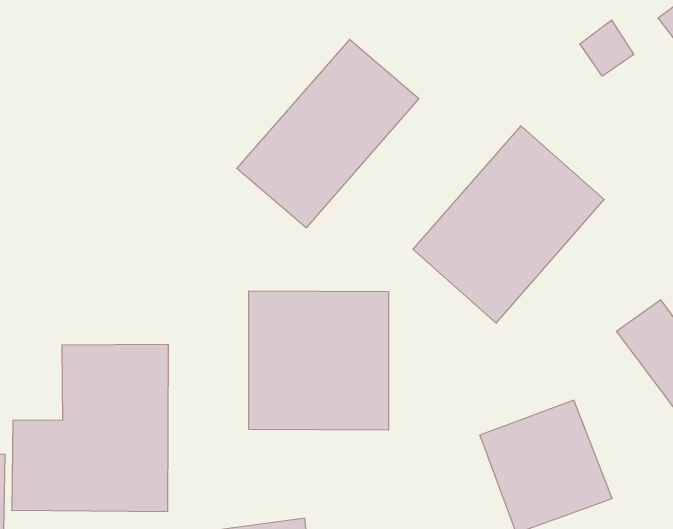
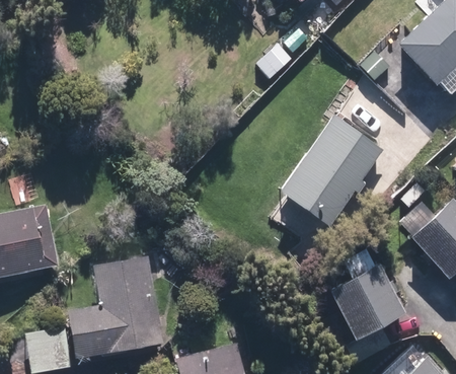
building: [237,39,419,228] -> none
building: [249,291,389,430] -> none

